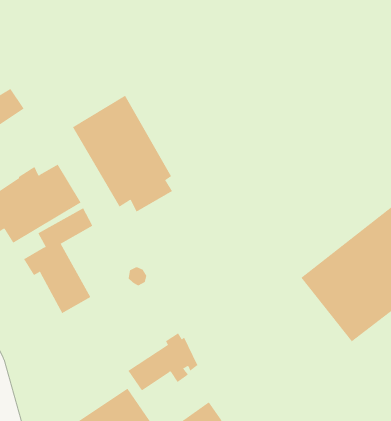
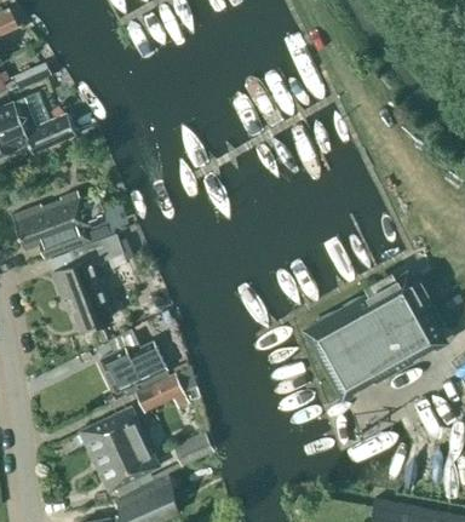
building: [72,95,173,213] -> none
building: none -> [101,329,167,395]

